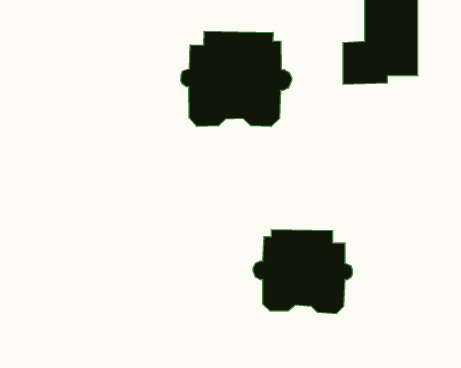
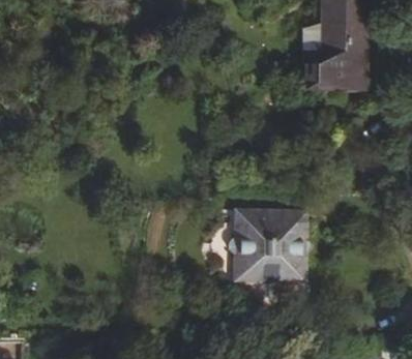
building: [181,31,292,127] -> none

